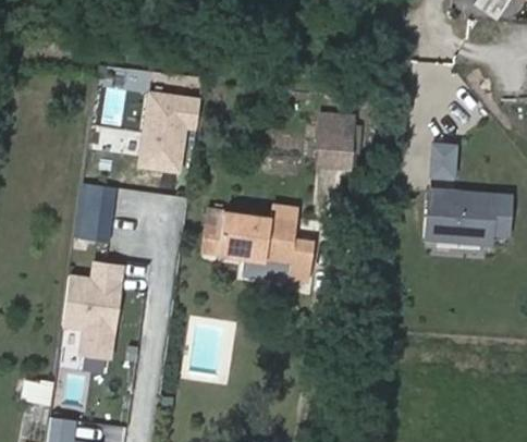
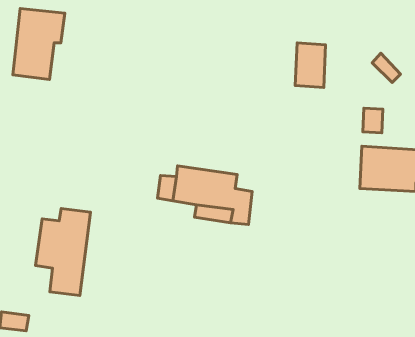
building: [138,91,198,173] -> [13,9,65,80]
building: [316,115,351,167] -> [295,43,326,87]
building: [76,183,115,240] -> none

